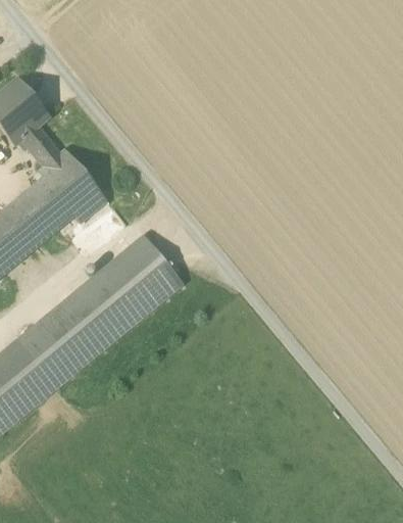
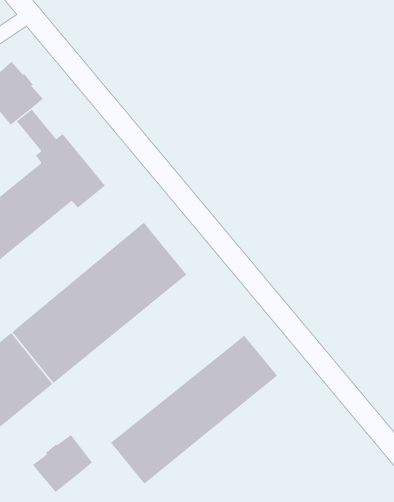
building: none -> [110,335,278,485]
building: none -> [32,434,93,493]

